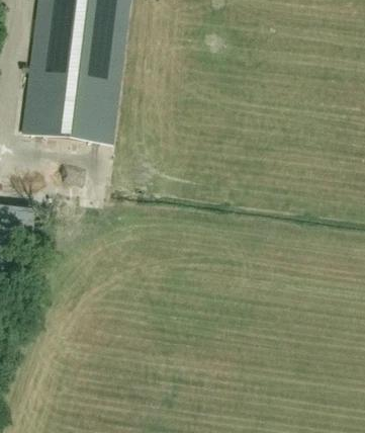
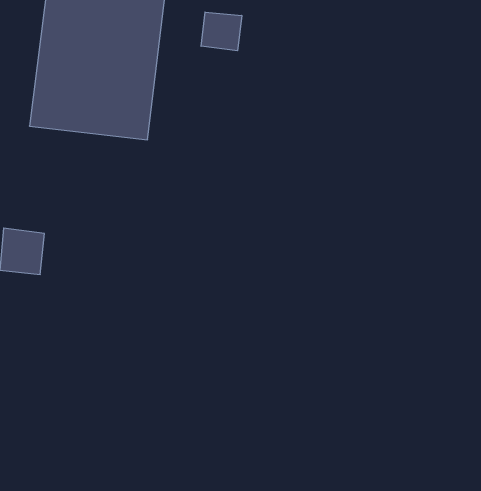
building: none -> [201,12,242,51]

